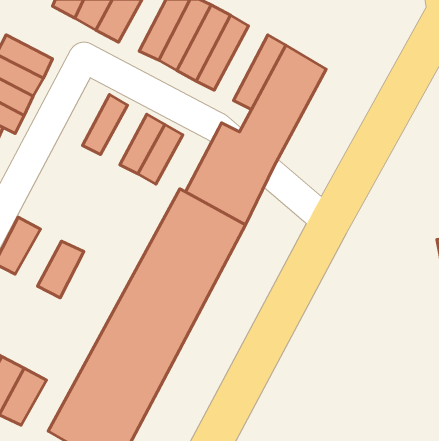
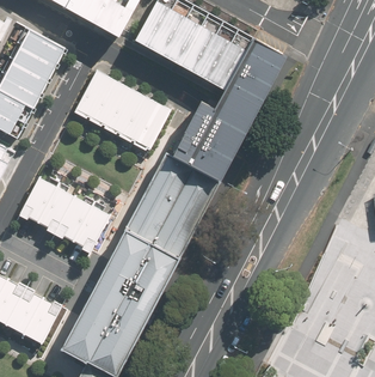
building: none -> [195,23,238,83]
building: none -> [75,71,111,118]
building: none -> [104,86,141,134]
building: none -> [36,186,73,231]
building: none -> [72,203,109,250]

